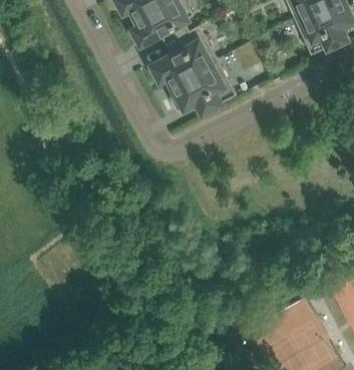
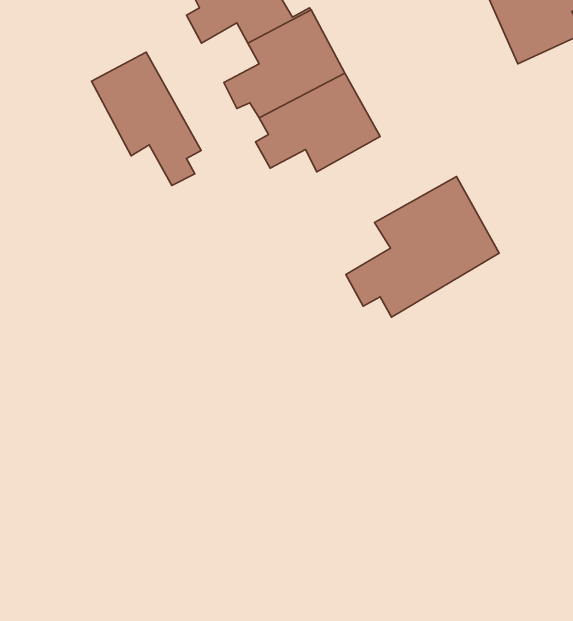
building: none -> [92,52,201,186]
building: none -> [346,177,499,317]

